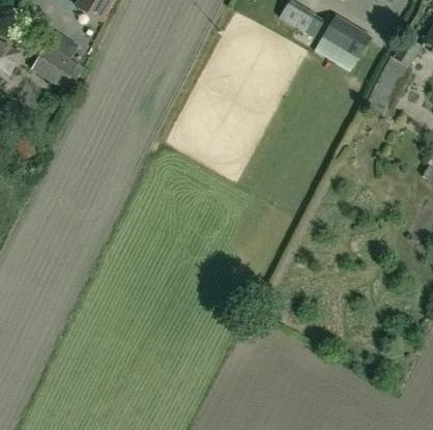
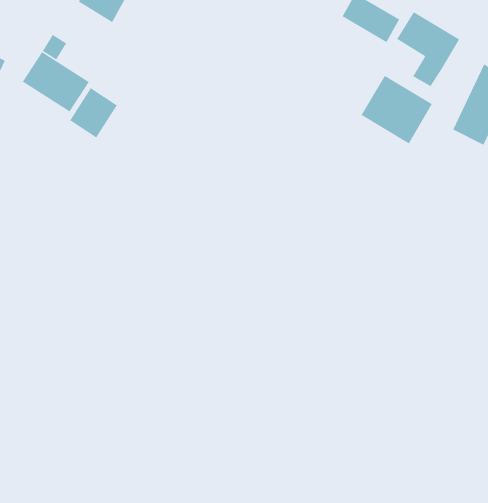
building: none -> [361,75,433,144]
building: none -> [69,87,118,139]

